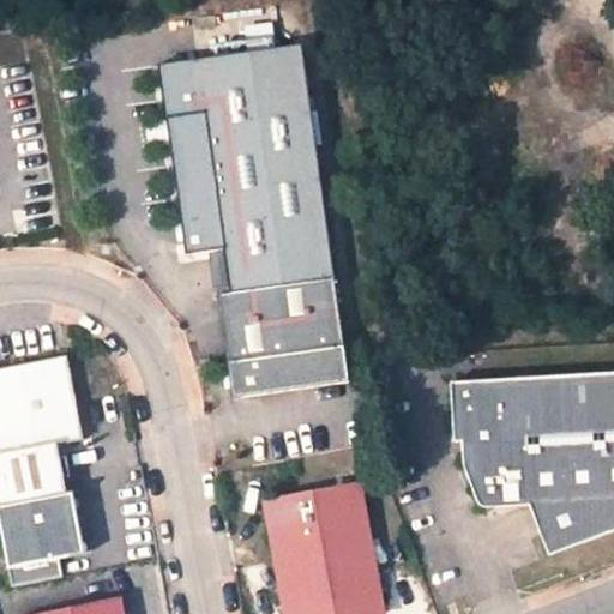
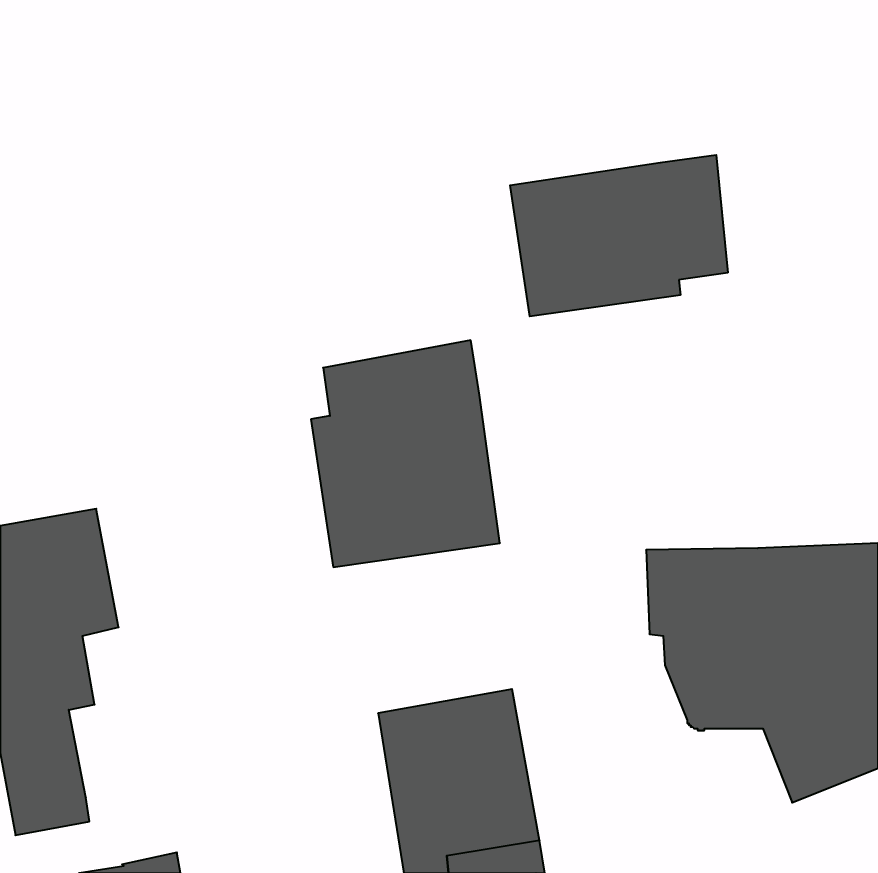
building: [159,43,329,257] -> none
building: none -> [510,155,728,316]
building: [48,490,84,556] -> none

